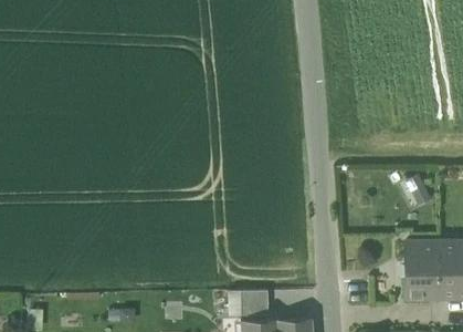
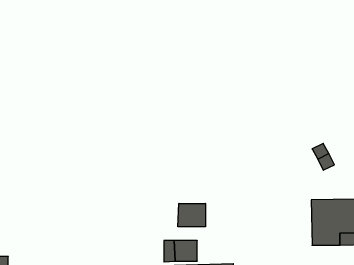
building: none -> [178,203,205,227]

